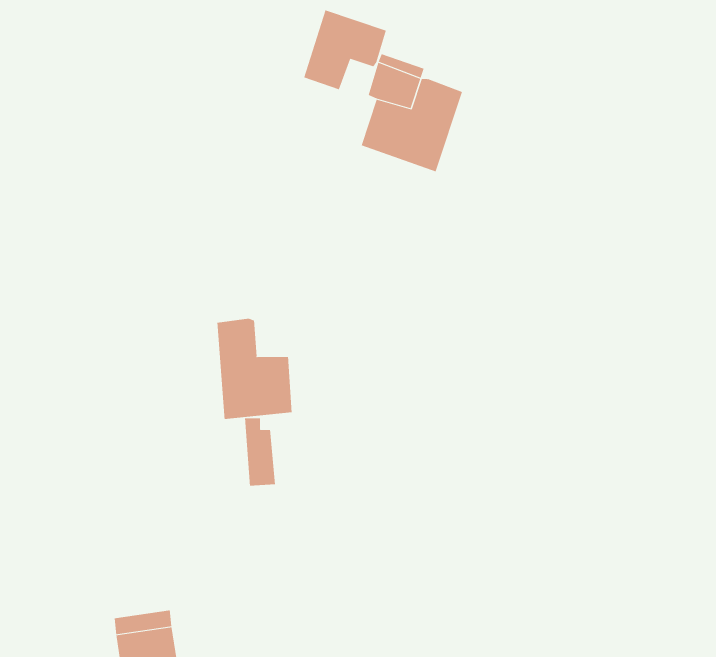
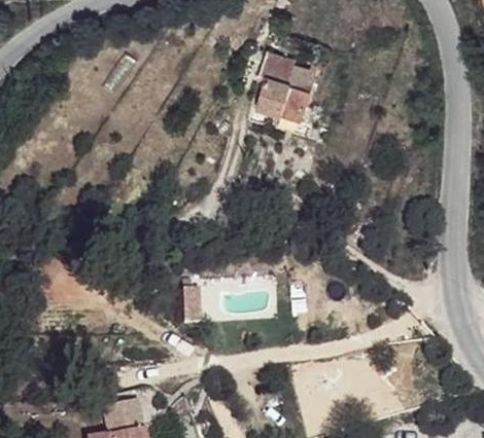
building: [303,10,387,90] -> none
building: [217,318,292,420] -> none

